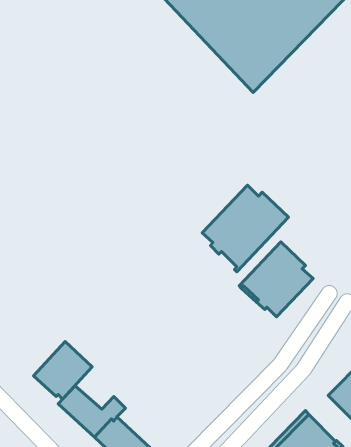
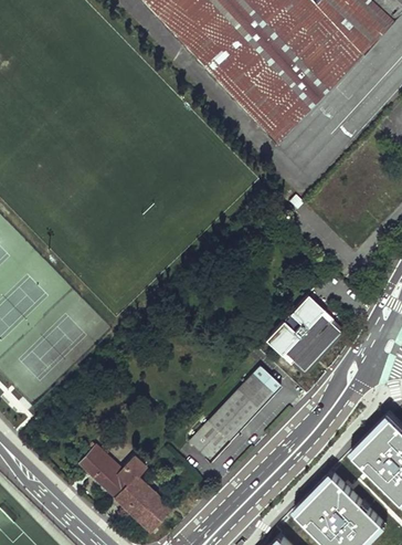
building: [202,185,289,272] -> none
building: none -> [189,366,279,461]
building: [34,341,92,399] -> none

